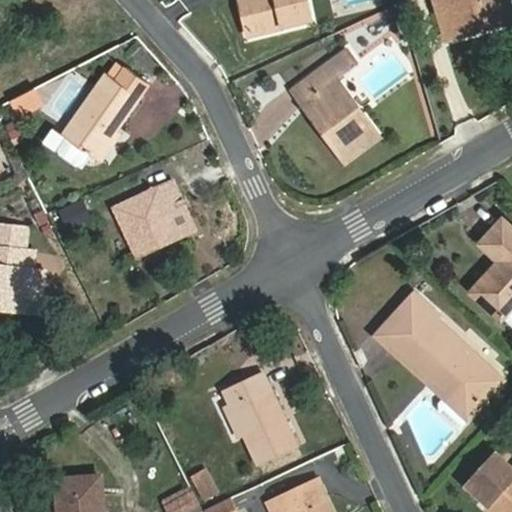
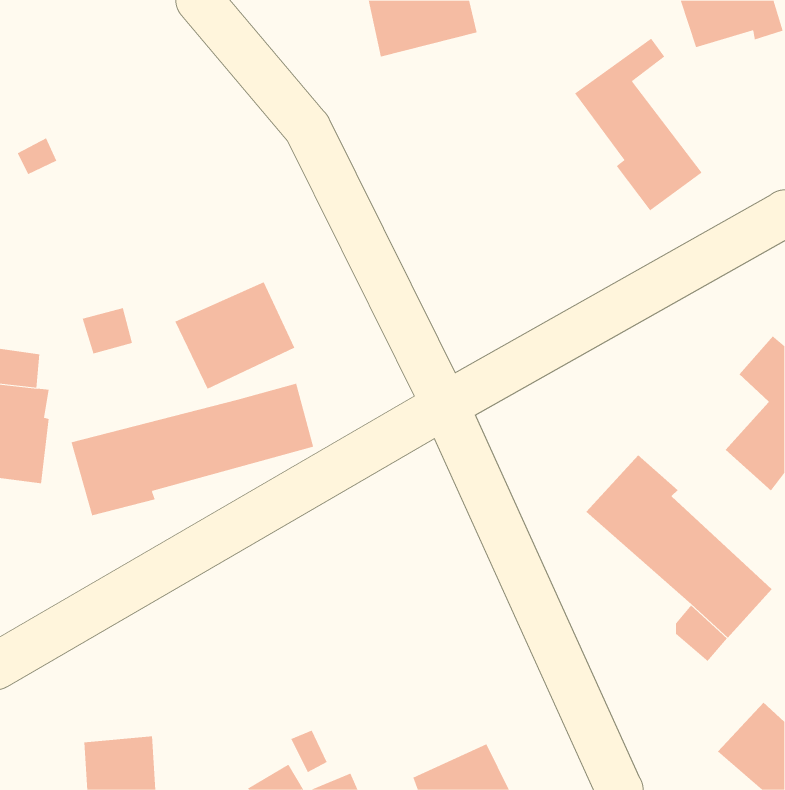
building: [295,51,378,163] -> [574,38,702,211]
building: [61,65,148,158] -> none
building: none -> [71,383,314,516]
building: [221,373,296,465] -> none

